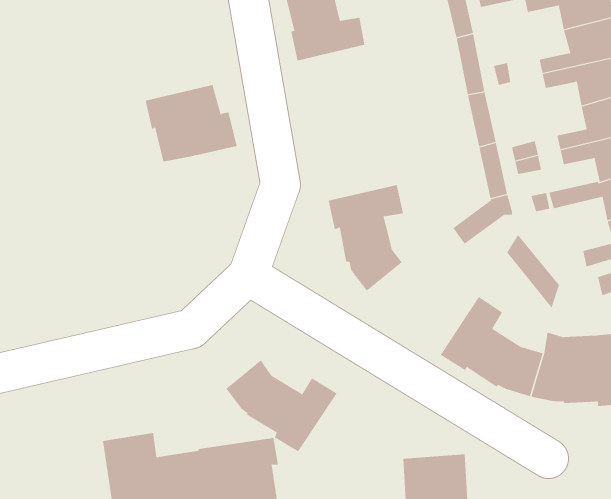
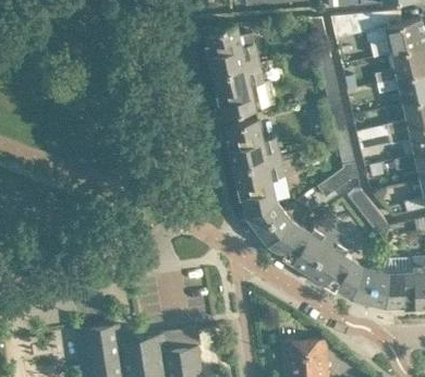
building: [145,84,237,162] -> [212,65,275,118]
building: none -> [227,120,280,170]
building: [225,360,337,452] -> [259,211,335,273]

